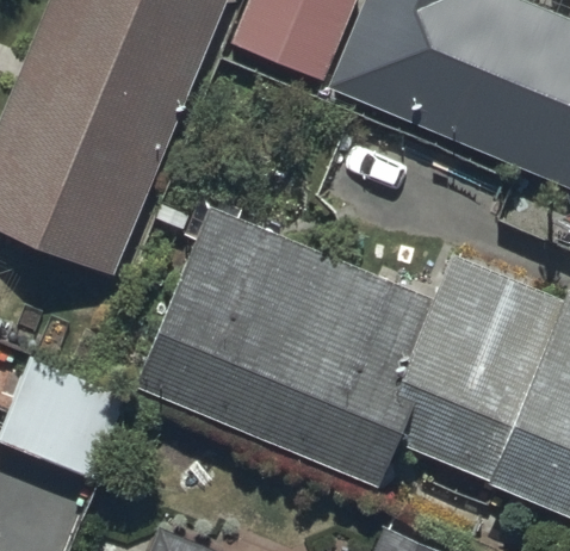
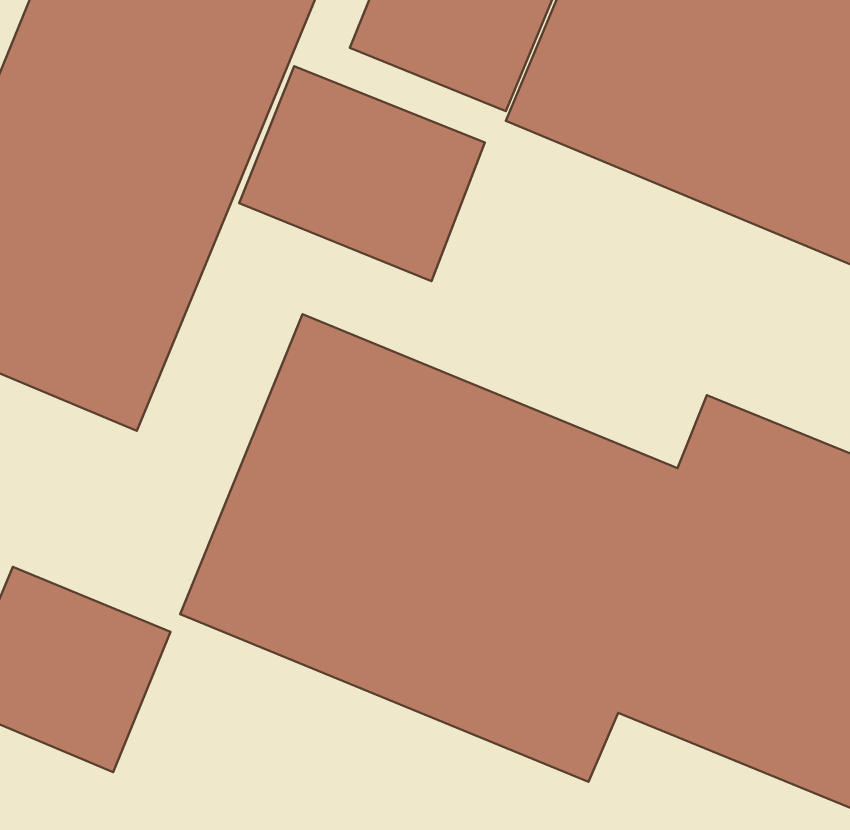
building: none -> [239,66,485,281]

